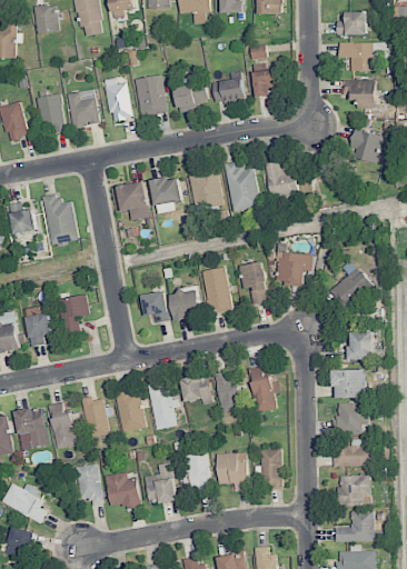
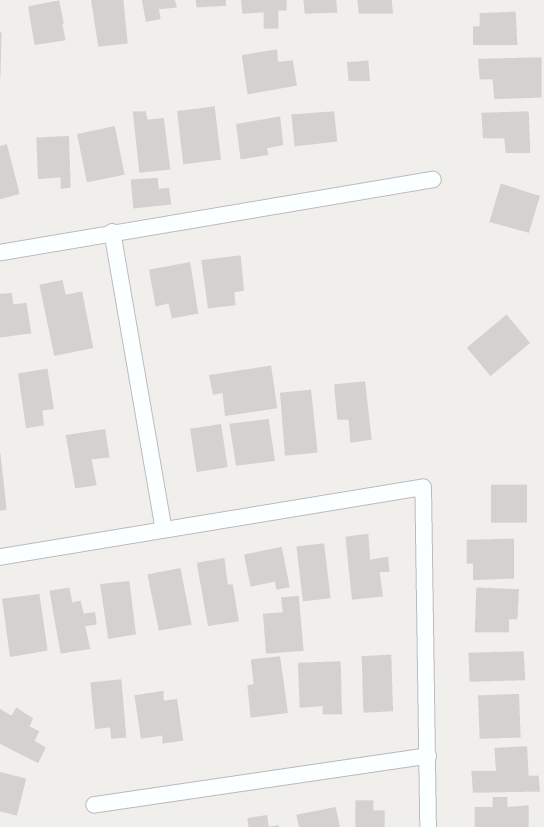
building: none -> [241,48,297,95]
building: [254,69,278,97] -> none
building: none -> [130,177,172,209]
building: [225,161,260,211] -> none
building: [266,161,297,198] -> none
building: [188,169,224,211] -> none
building: none -> [209,365,278,417]
building: [277,252,312,287] -> none
building: [329,267,374,310] -> [466,313,531,377]
building: [26,306,51,347] -> [17,368,55,429]
building: [146,463,175,503] -> [262,595,305,654]

